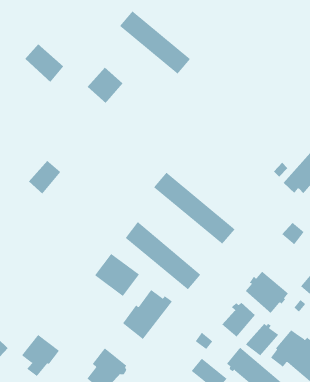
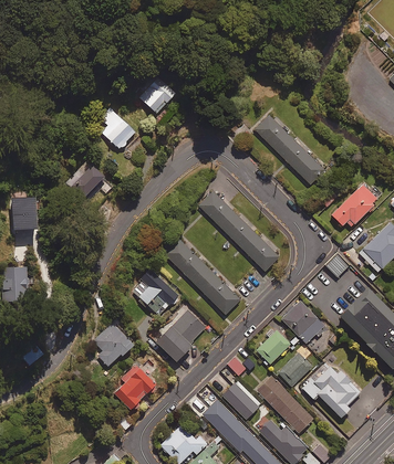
building: [119,11,191,74] -> [253,114,323,182]
building: [24,43,64,83] -> [95,110,135,151]
building: [21,334,60,377] -> [93,323,133,366]

